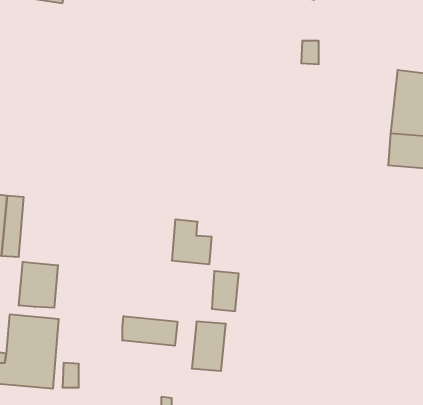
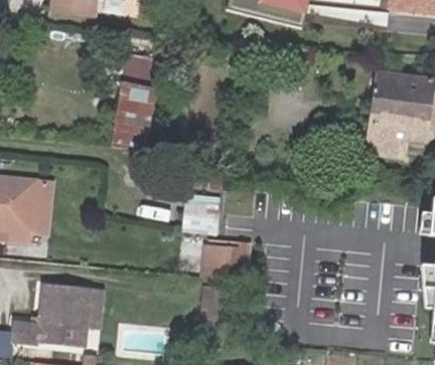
building: none -> [111,55,158,150]
building: [19,262,58,308] -> none
building: [122,316,177,346] -> none

